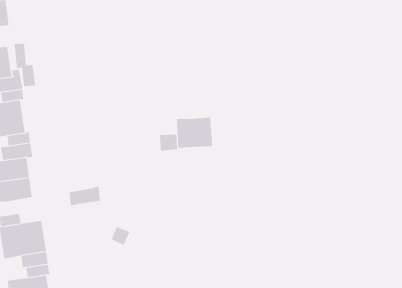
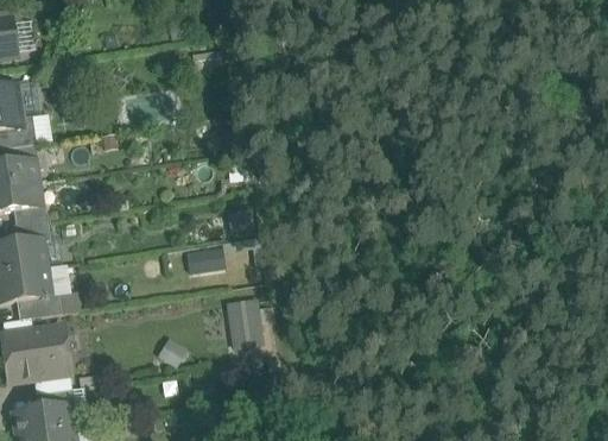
building: [176,117,213,149] -> none
building: none -> [188,246,227,272]
building: [68,186,101,206] -> [17,295,62,322]
building: none -> [228,302,262,348]

